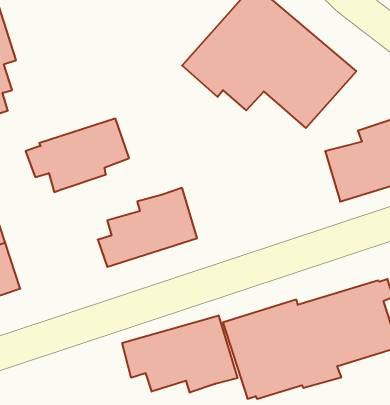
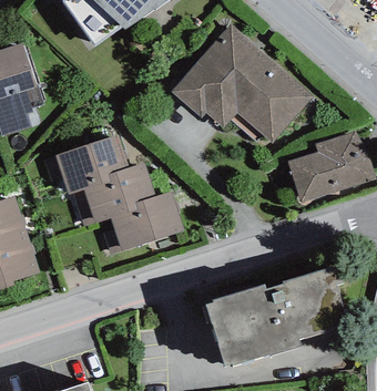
building: none -> [72,163,154,227]
building: [122,315,238,393] -> none

